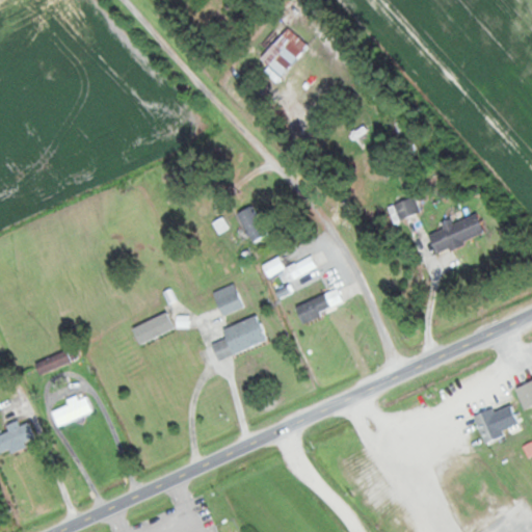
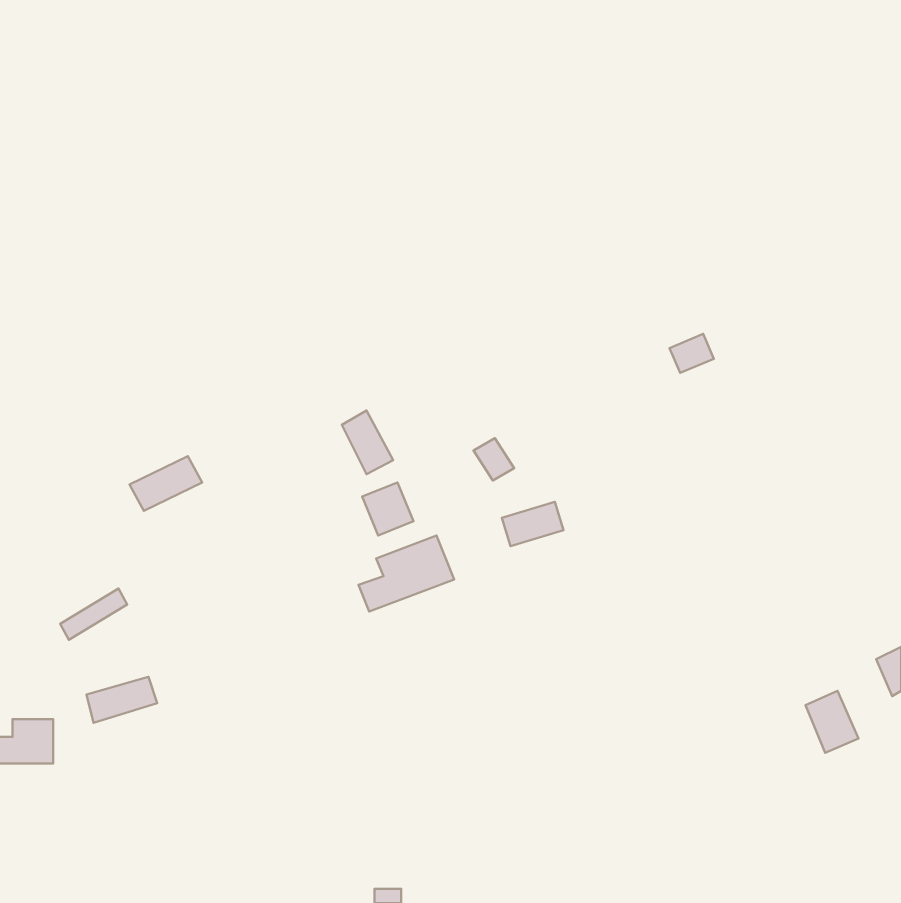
building: [260,27,308,76] -> none
building: [237,205,267,242] -> [342,411,393,474]
building: [427,214,484,252] -> none
building: [132,312,175,344] -> [130,456,202,511]

